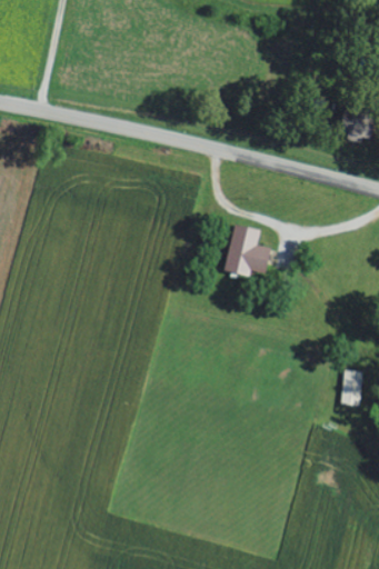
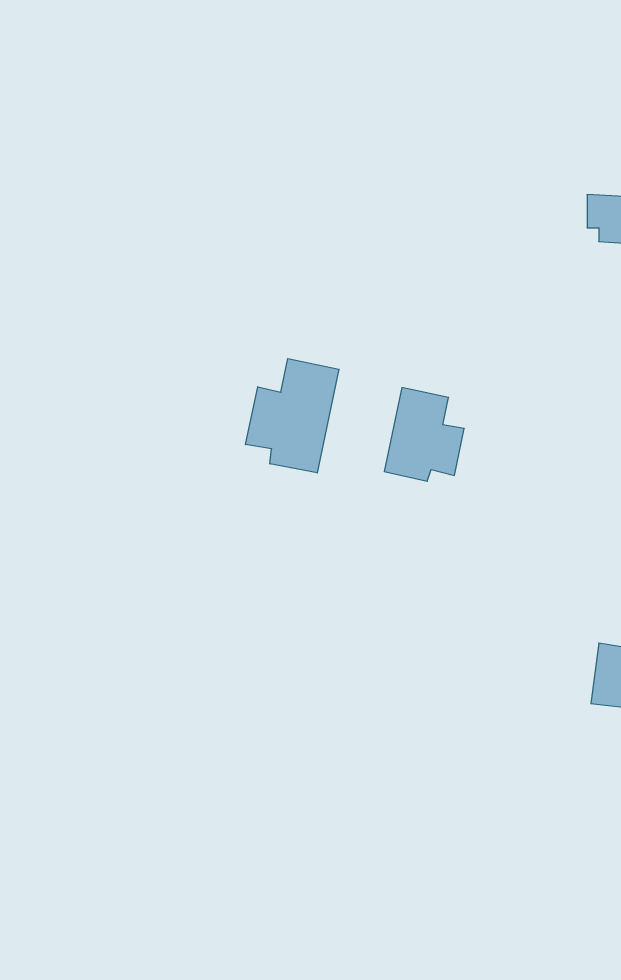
building: none -> [246,359,339,473]

